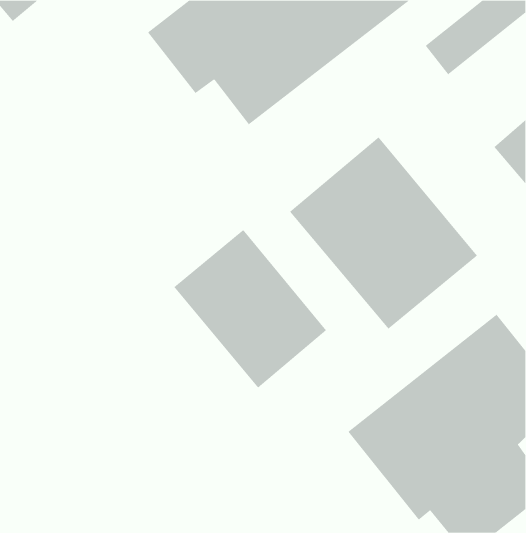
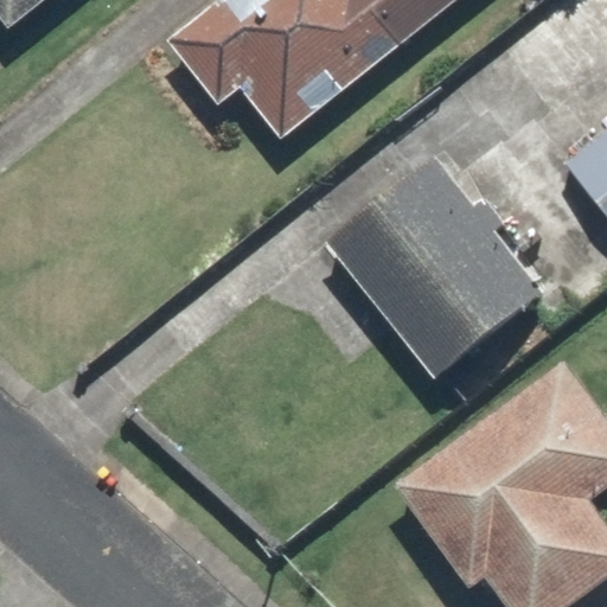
building: [174,229,327,388] -> none

